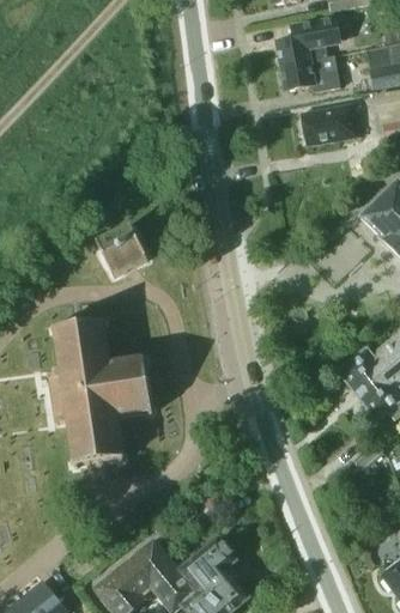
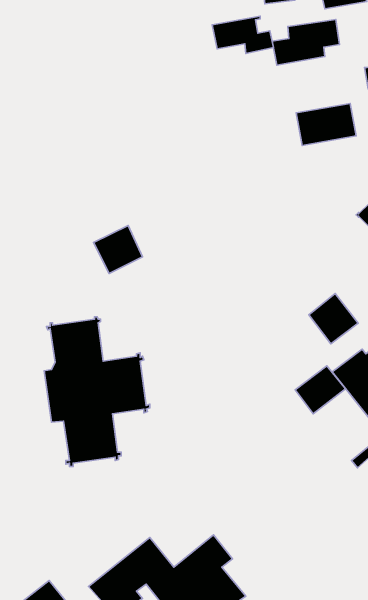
building: [281,57,343,95] -> [212,16,273,53]
building: none -> [309,294,358,344]
building: none -> [295,366,346,414]

